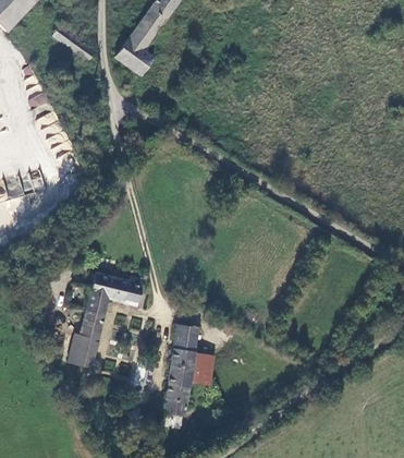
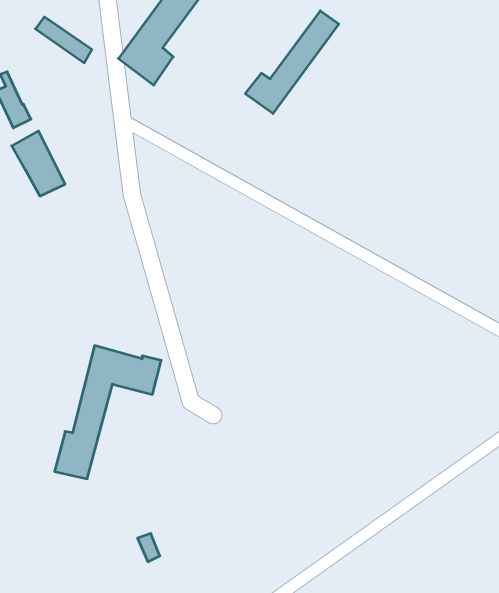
building: none -> [245,11,339,114]
building: [163,325,212,417] -> none

